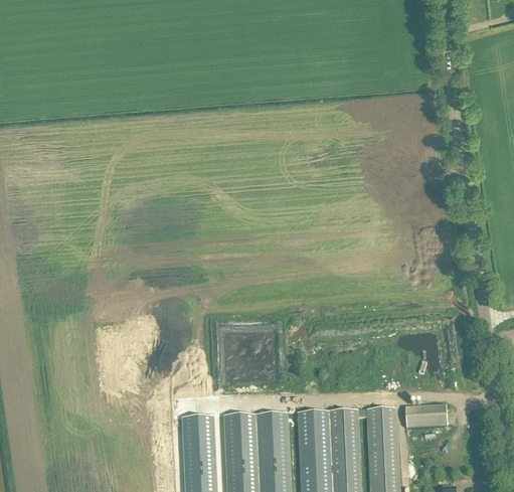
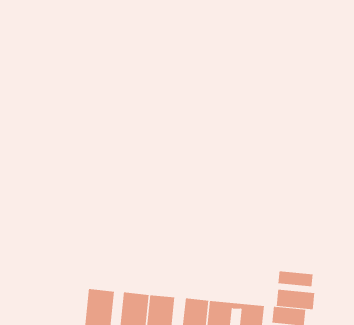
building: none -> [278,271,313,287]
building: none -> [276,289,315,310]

